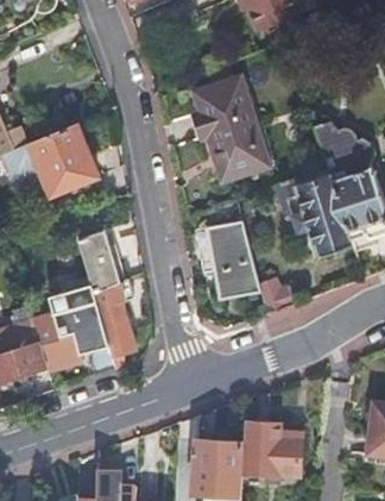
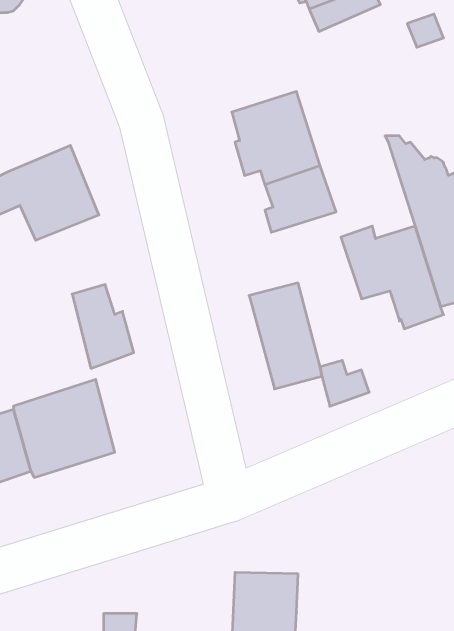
building: [88,274,131,368] -> none
building: [242,421,303,474] -> none

